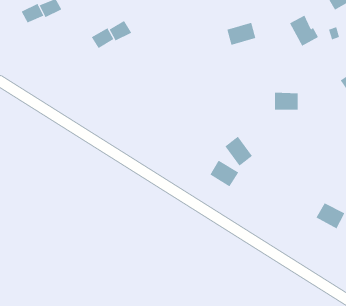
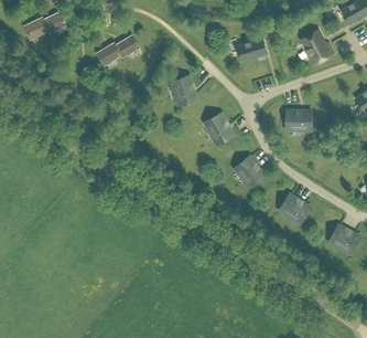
building: none -> [172,75,196,105]
building: none -> [205,113,233,144]
building: [210,160,239,187] -> [280,194,311,223]

